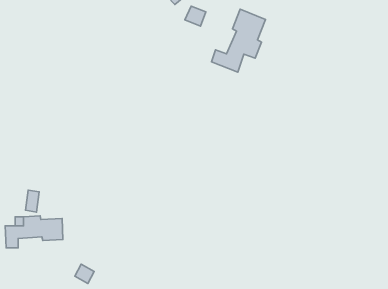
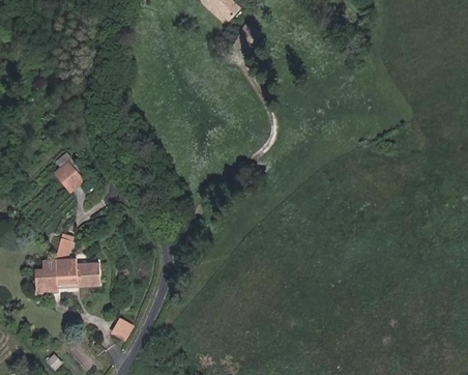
building: [212,9,265,72] -> none
building: none -> [53,152,86,192]

